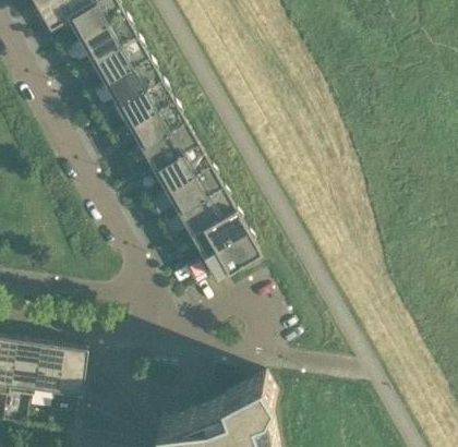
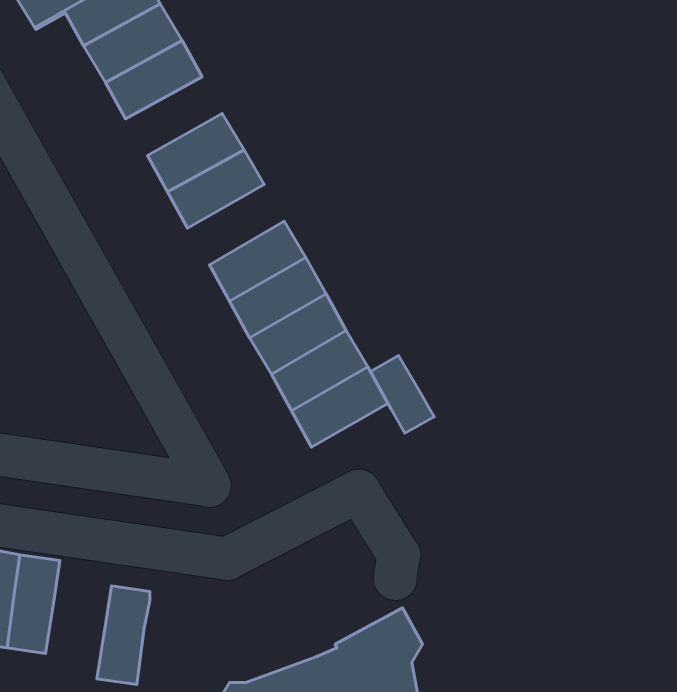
building: [100,57,158,104] -> none
building: [137,121,195,169] -> none
building: none -> [371,356,434,433]
building: [52,346,84,404] -> [97,586,150,684]

